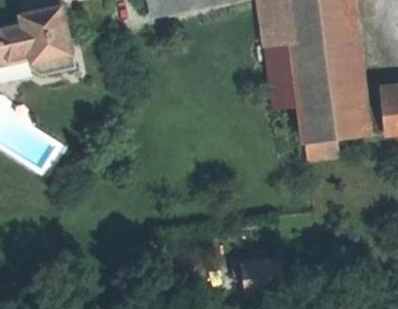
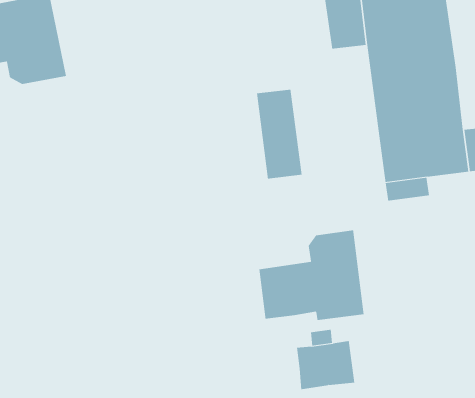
building: [265,43,299,109] -> [256,89,302,179]
building: none -> [259,229,364,321]

